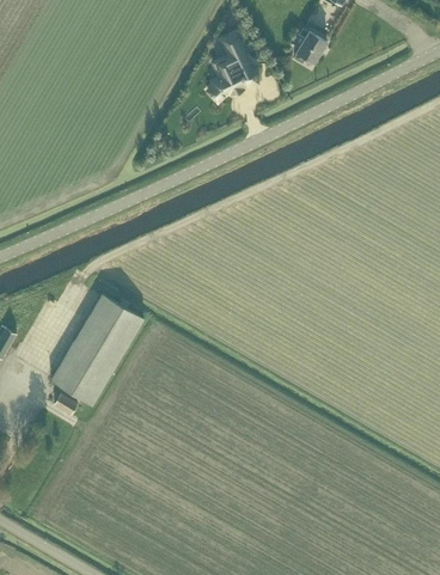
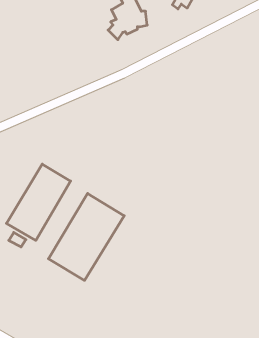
building: none -> [48,193,124,280]

